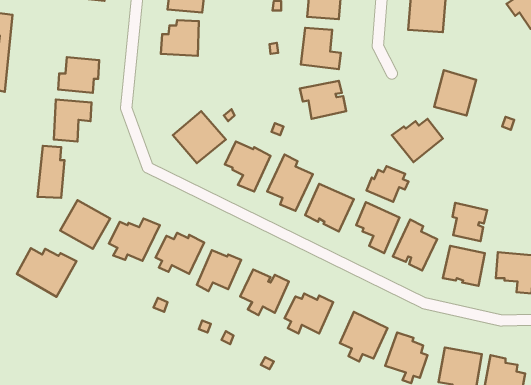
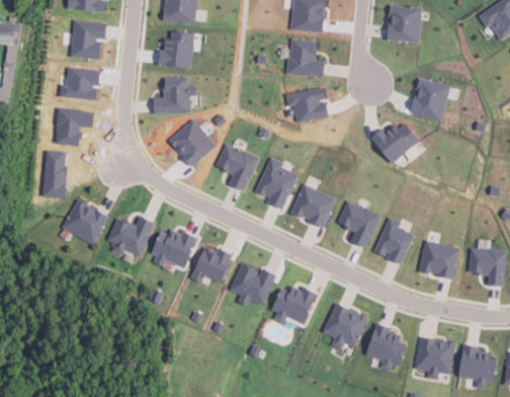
building: none -> [72,19,105,58]
building: none -> [153,77,196,114]
building: [366,166,409,202] -> none
building: [452,203,487,241] -> none
building: [17,248,77,297] -> none

